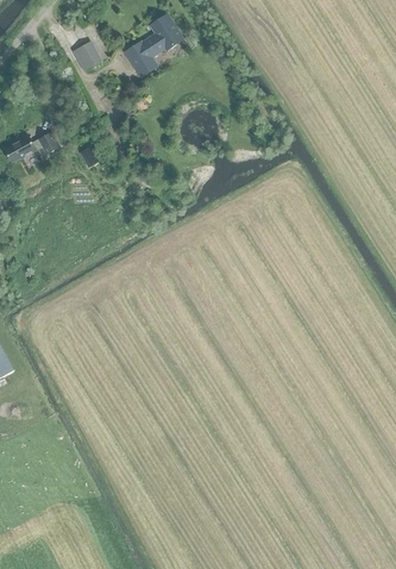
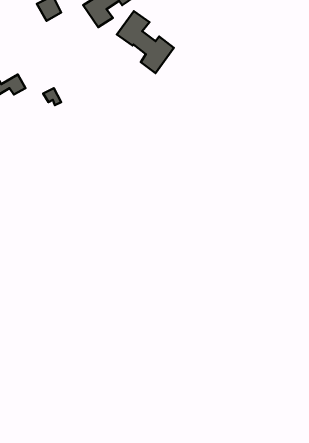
building: none -> [117,11,174,73]

